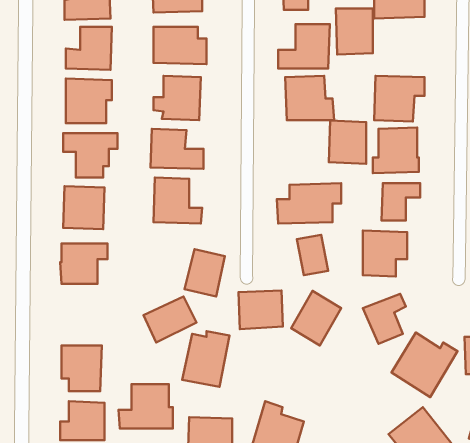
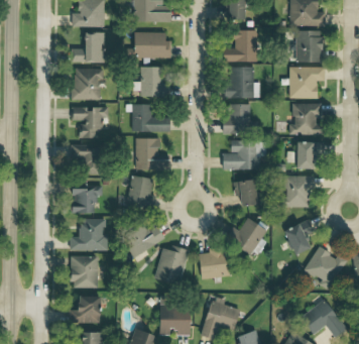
building: [336,9,373,55] -> [295,30,322,63]
building: [329,121,366,164] -> [224,104,250,134]
building: [185,249,225,296] -> [126,176,154,209]
building: [238,291,283,329] -> [199,251,230,278]
building: [118,384,173,429] -> [69,219,107,250]

